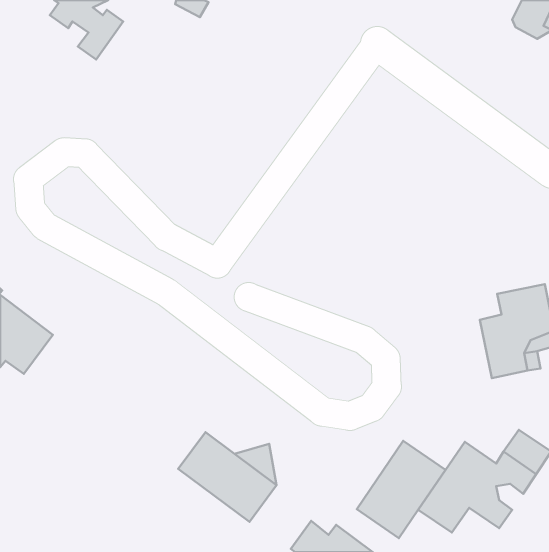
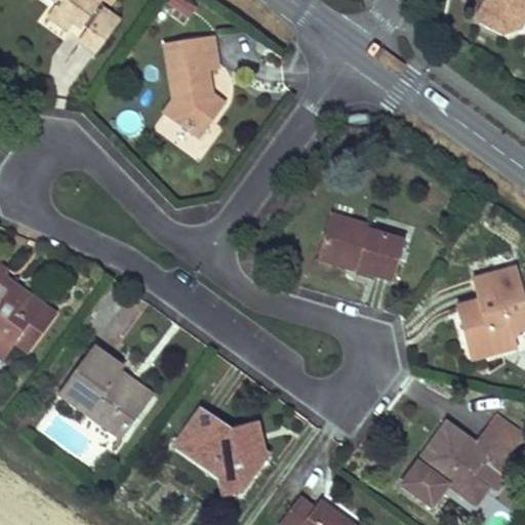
building: none -> [164,37,226,138]
building: none -> [317,214,407,280]
building: none -> [55,350,154,442]
building: [357,441,445,538] -> none

